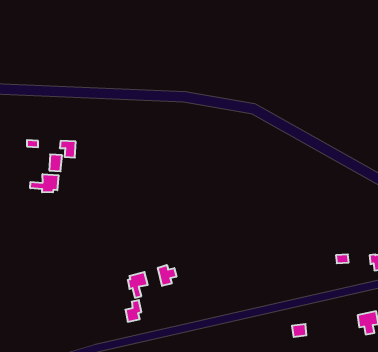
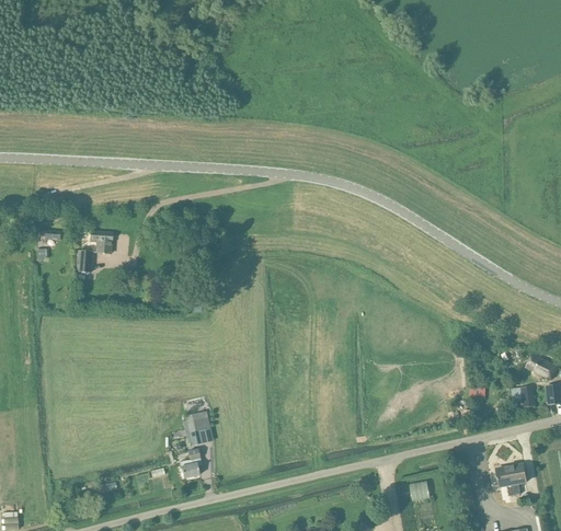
building: [30,174,59,192] -> none
building: [158,265,176,286] -> none

